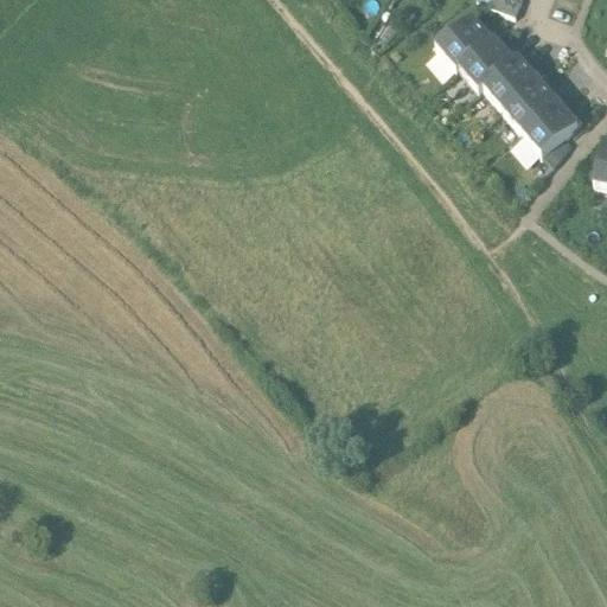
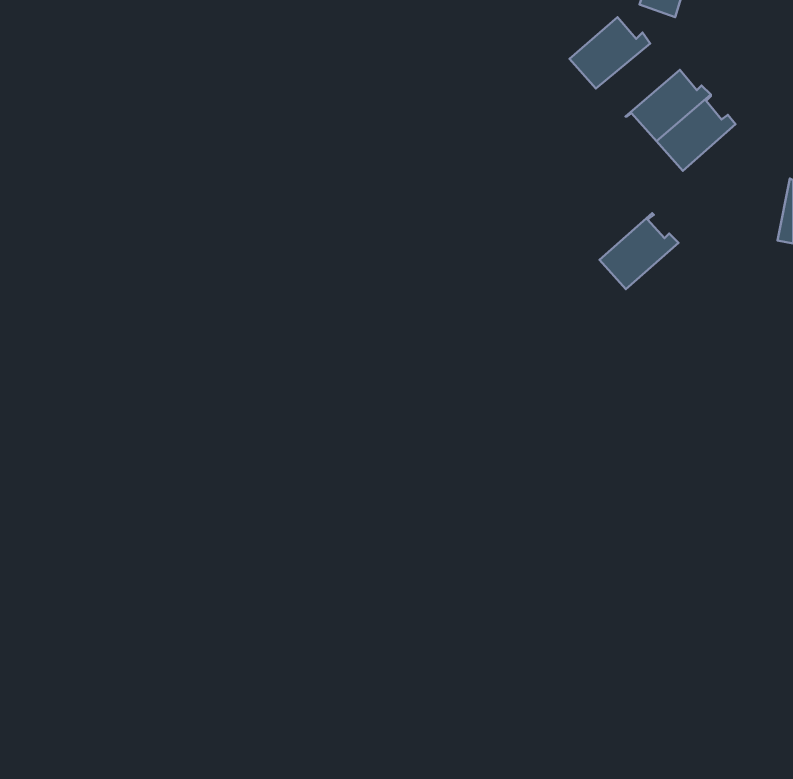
building: [455,33,519,89] -> none
building: [522,95,582,153] -> [599,213,679,289]

